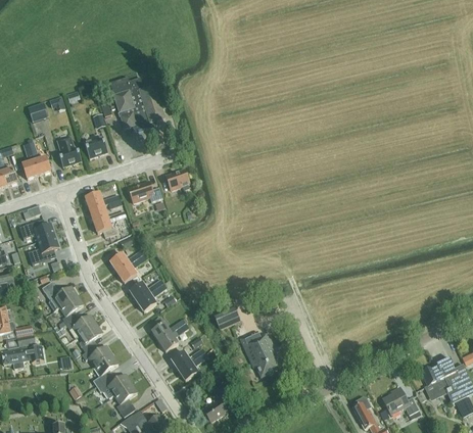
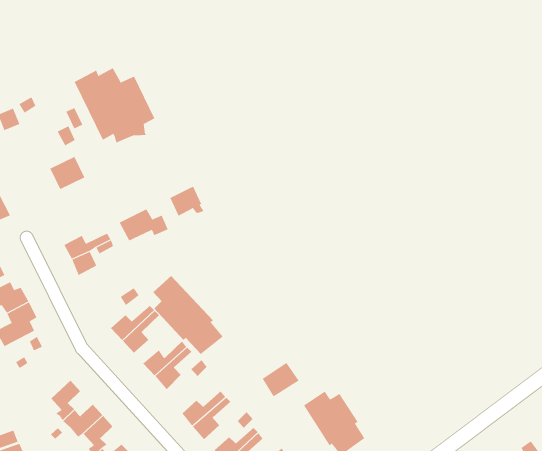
building: [56,136,81,166] -> none
building: [92,209,125,236] -> none
building: none -> [153,275,223,355]
building: [41,280,76,312] -> none

